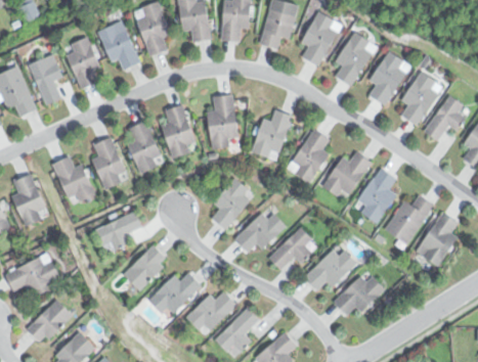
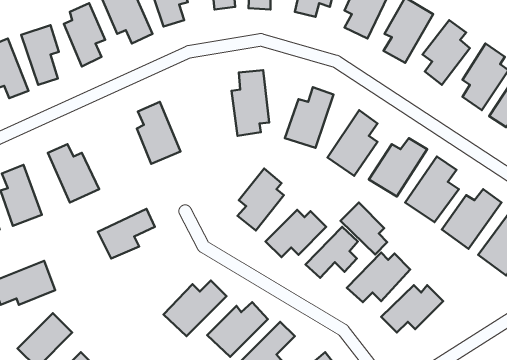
building: [162,103,198,156] -> none
building: [92,136,125,188] -> none
building: none -> [341,203,387,254]
building: [124,243,169,289] -> none

